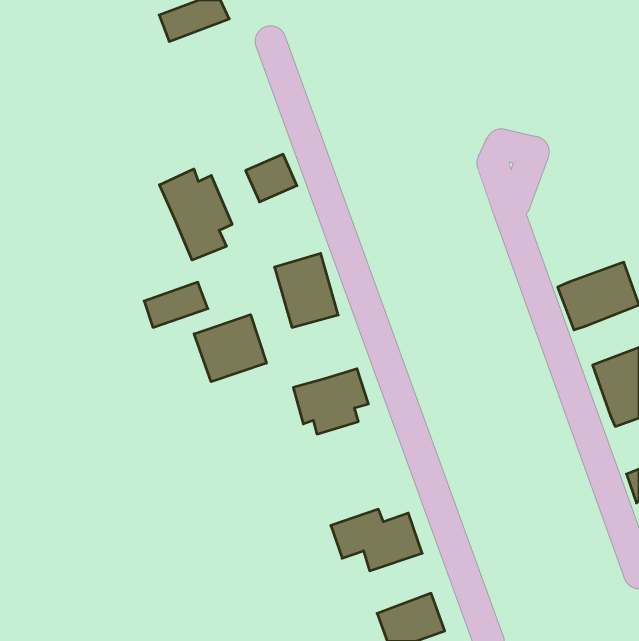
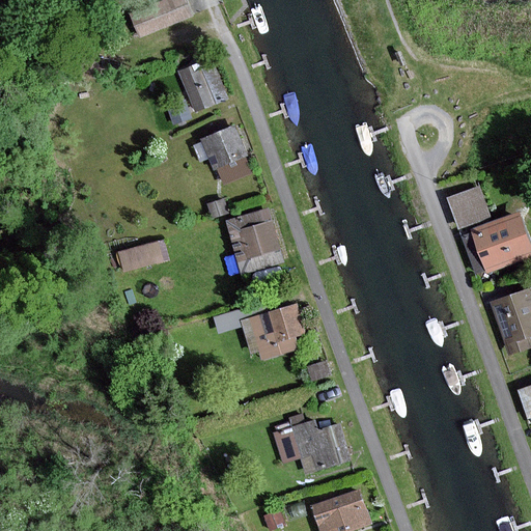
building: none -> [180,65,225,110]
building: [159,169,232,260] -> none
building: none -> [448,188,487,227]
building: [194,315,266,382] -> none

